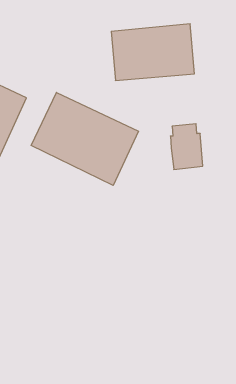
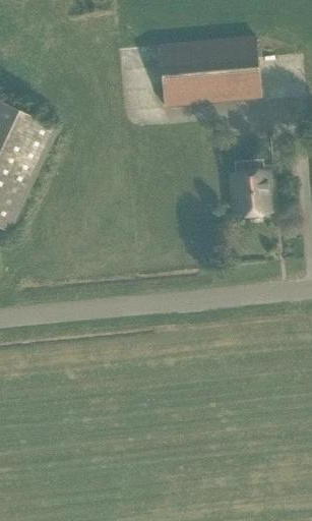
building: [31,92,139,185] -> none

